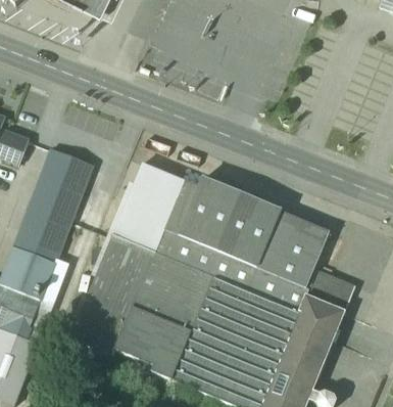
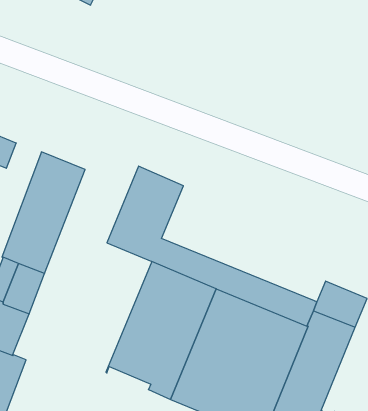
building: [163,177,329,287] -> none
building: [69,233,154,354] -> none

